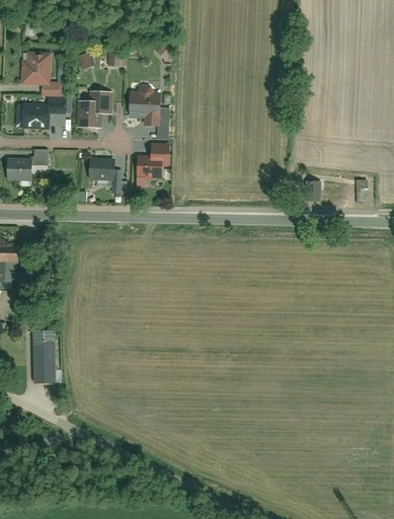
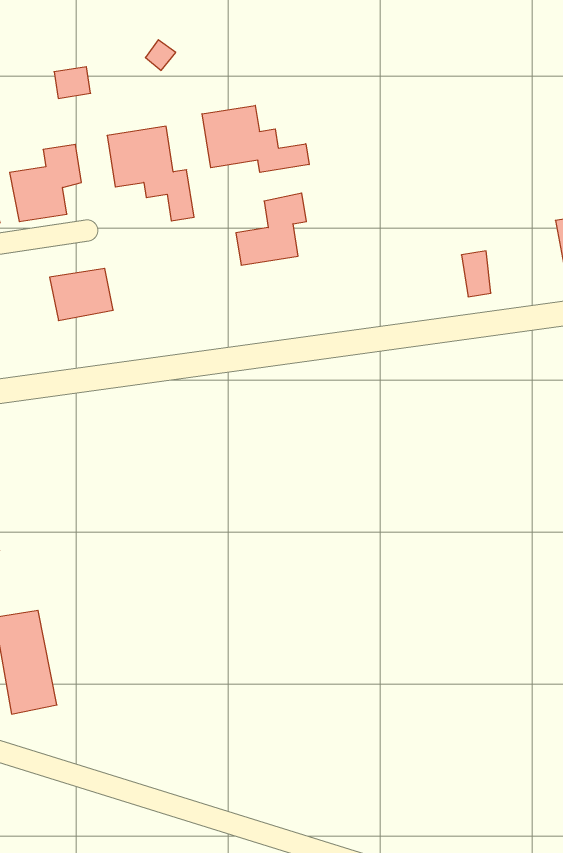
building: none -> [202,105,309,172]
building: [134,145,171,177] -> [236,193,306,265]

